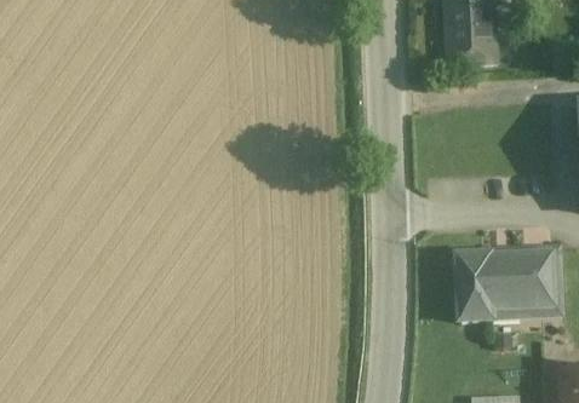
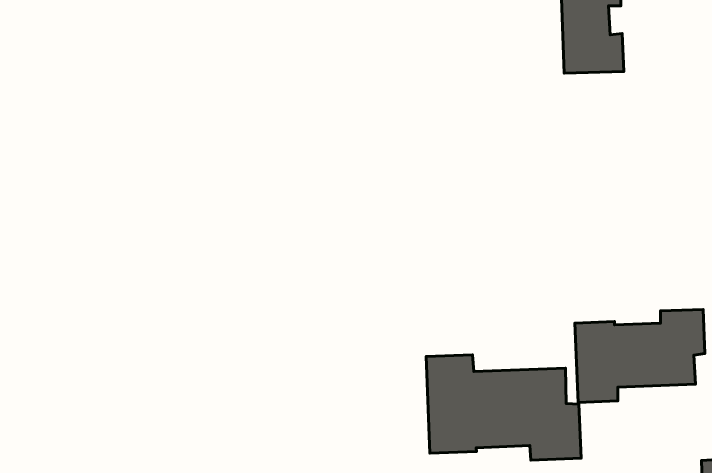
building: none -> [426,355,581,460]

